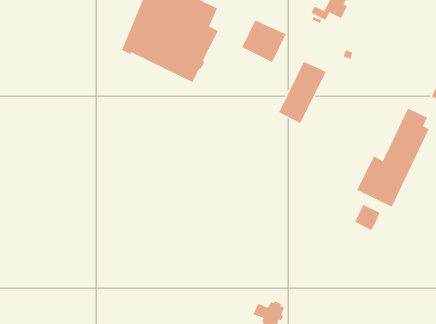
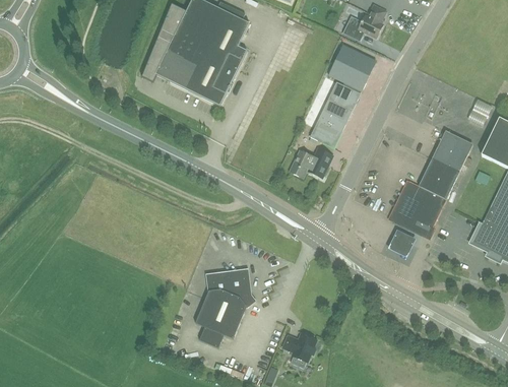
building: [241,19,287,63] -> [328,44,376,89]
building: none -> [290,146,332,176]
building: none -> [196,267,255,346]

